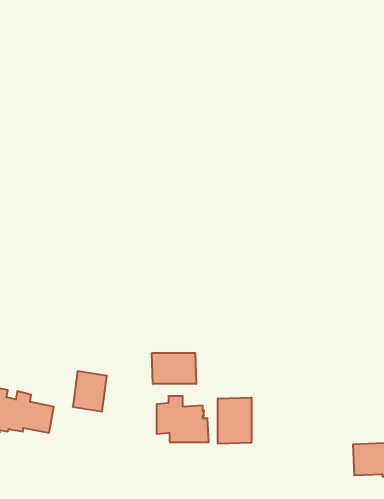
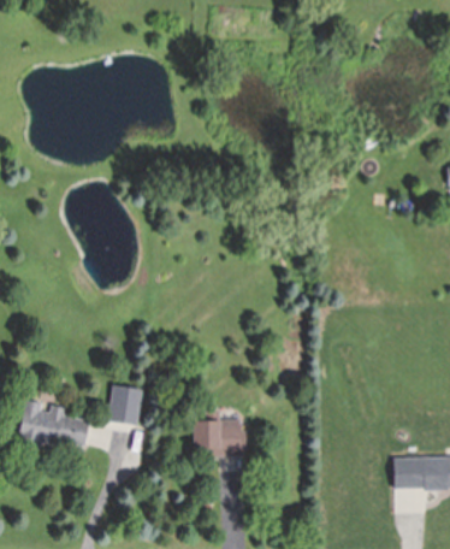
building: [152,353,196,384] -> none
building: [218,397,251,444] -> none

